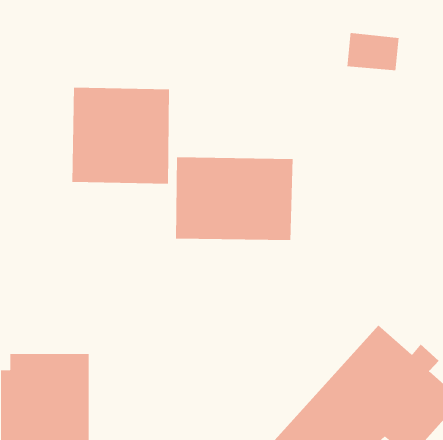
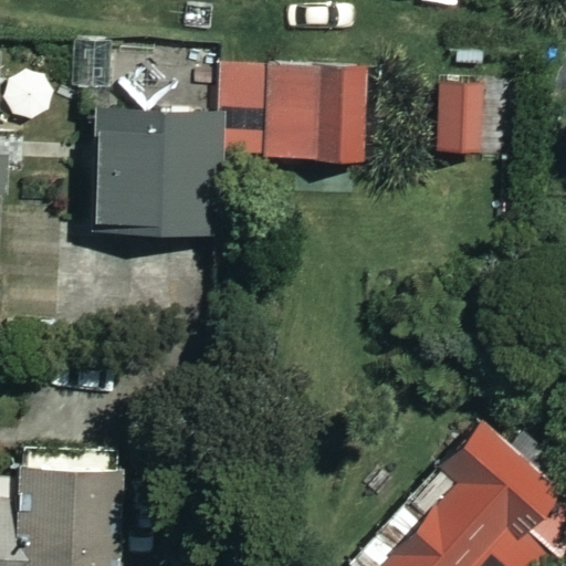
building: none -> [222,64,368,165]
building: [175,157,294,241] -> none

